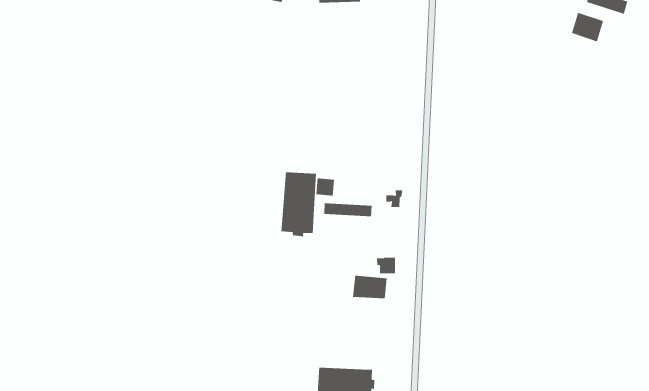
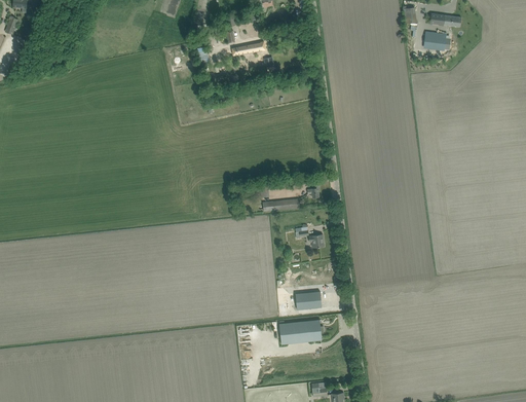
building: [281,172,316,237] -> none
building: [352,275,388,299] -> [296,291,322,309]

